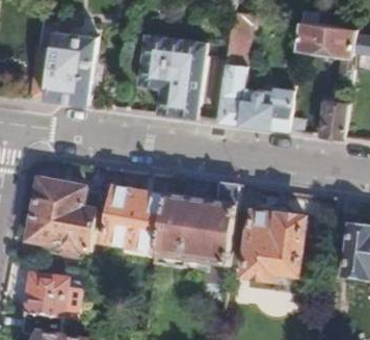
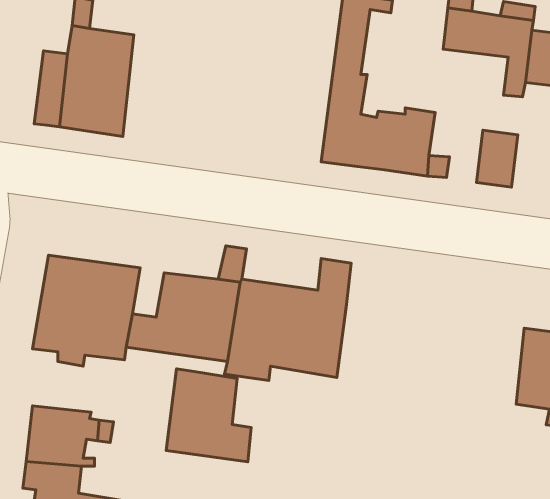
building: [136,31,206,115] -> none
building: [226,212,303,284] -> none
building: none -> [166,369,251,462]

